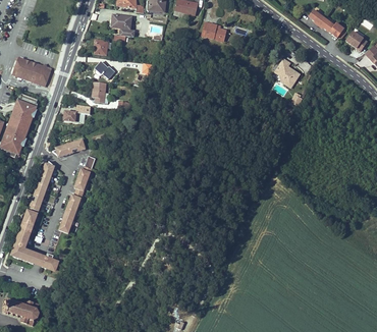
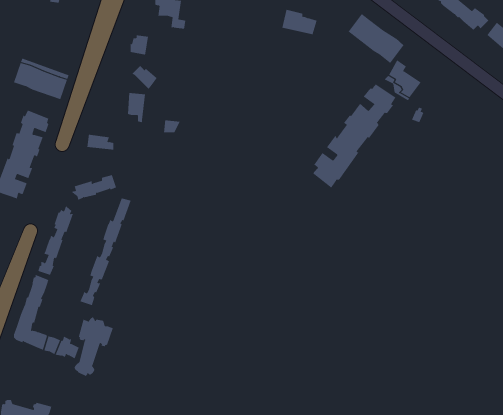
building: none -> [348,13,404,64]
building: none -> [312,83,396,188]
building: none -> [74,316,114,377]

